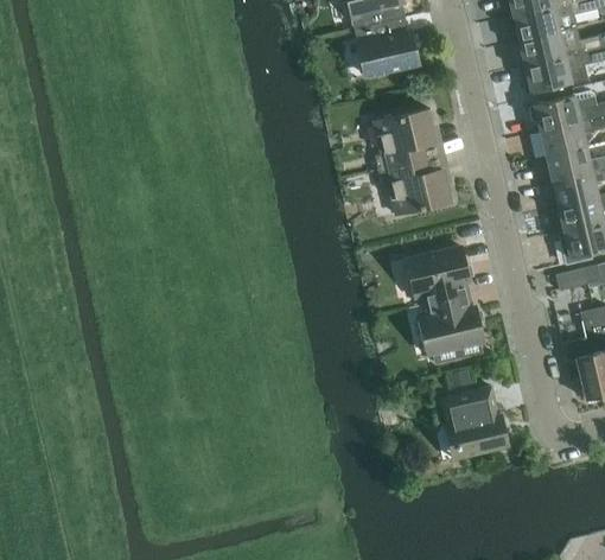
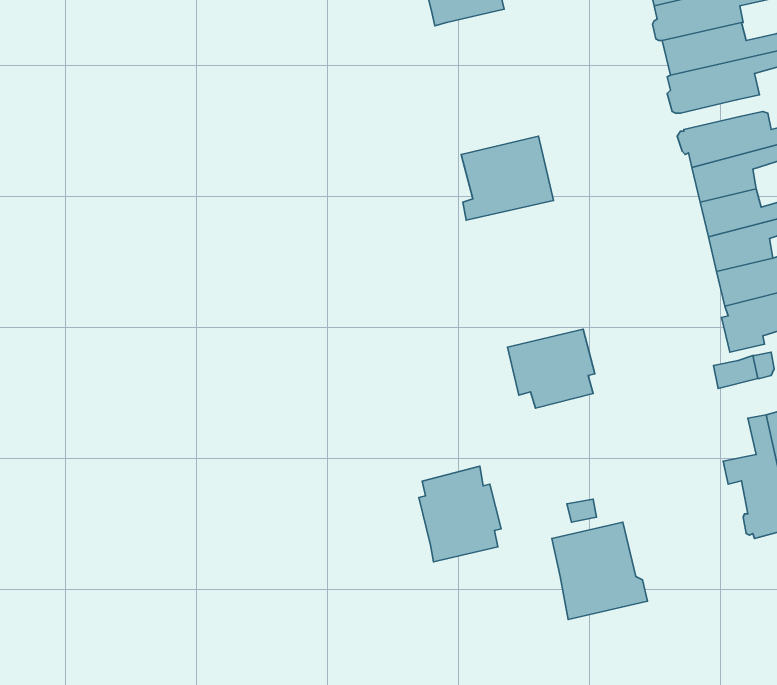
building: [355,18,419,76] -> none
building: [377,155,451,215] -> none
building: [425,294,484,363] -> [419,466,501,562]

